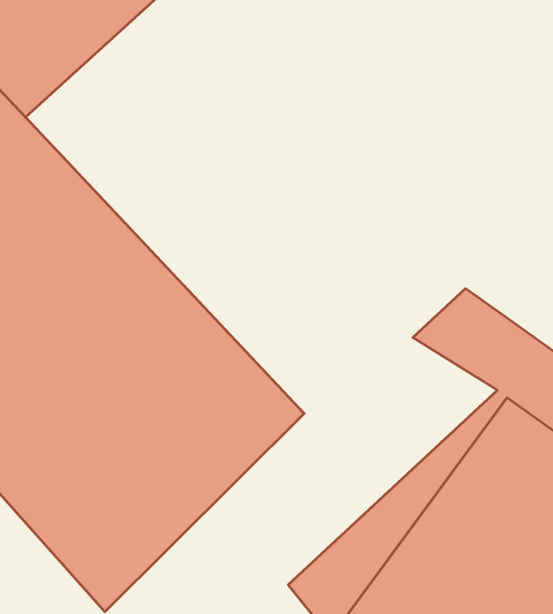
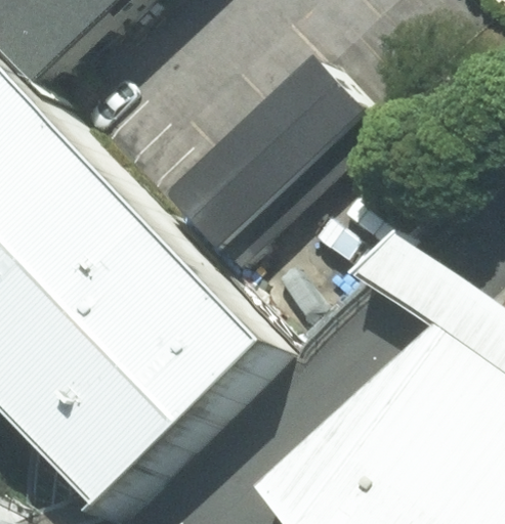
building: none -> [164,57,368,261]

